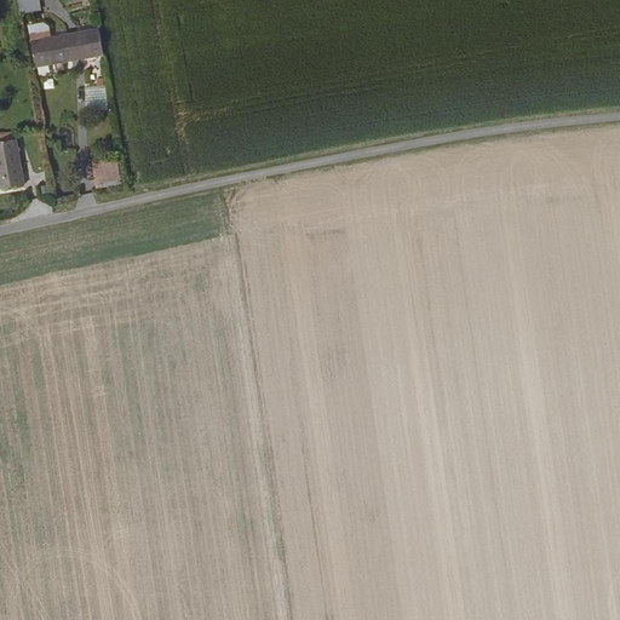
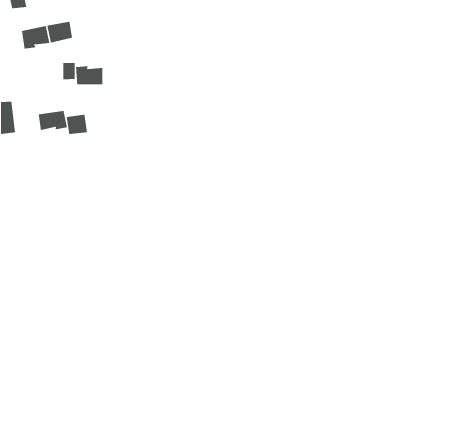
building: none -> [76,66,103,85]
building: none -> [38,110,68,131]

